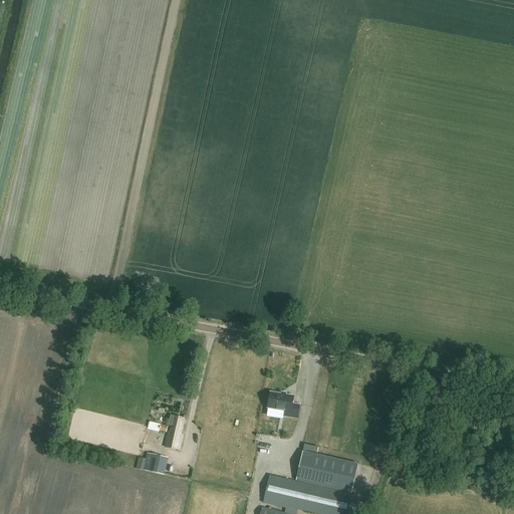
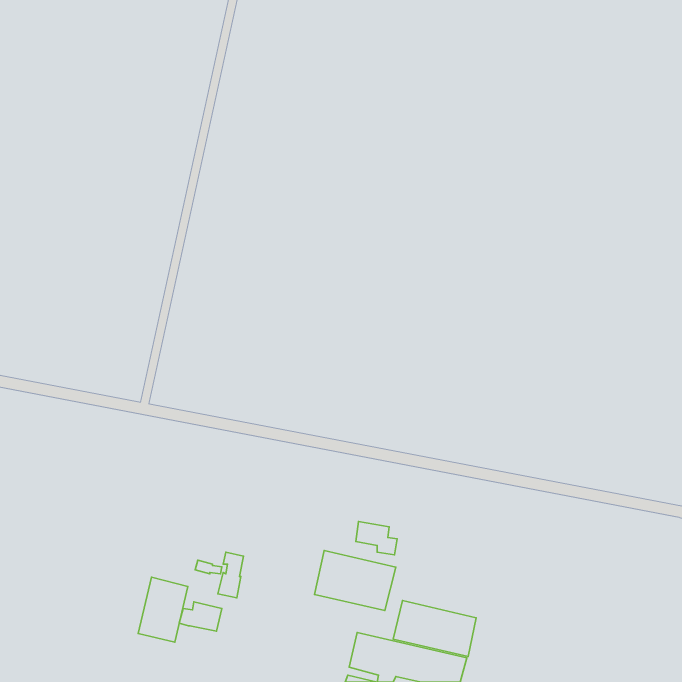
building: none -> [314,551,396,611]
building: none -> [138,577,188,642]

